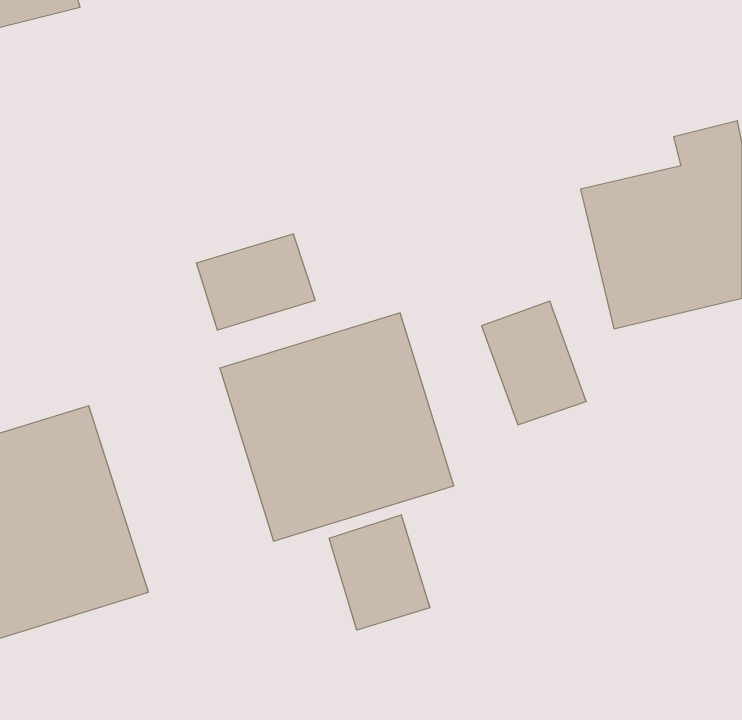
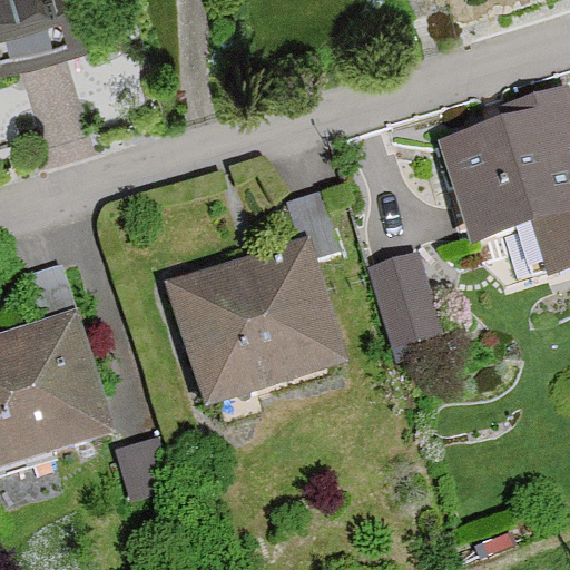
building: [197,234,315,330] -> none
building: [329,515,430,630] -> none

